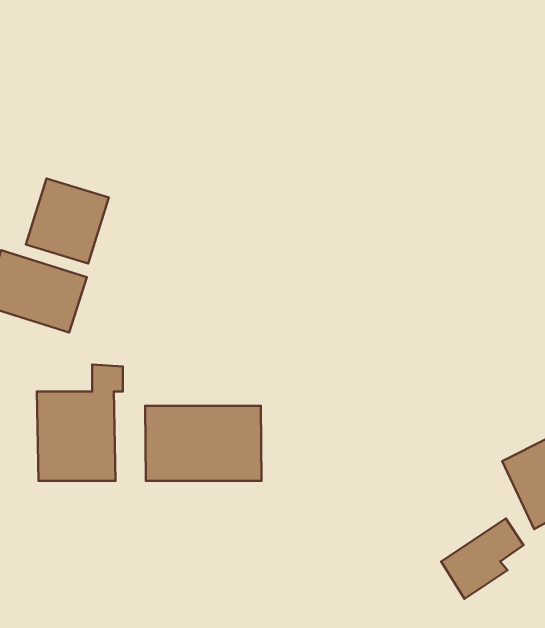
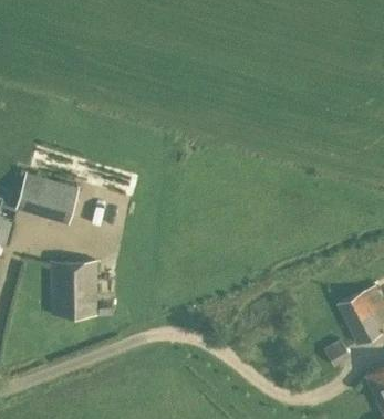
building: [26,179,109,263] -> none
building: [145,406,261,481] -> none

